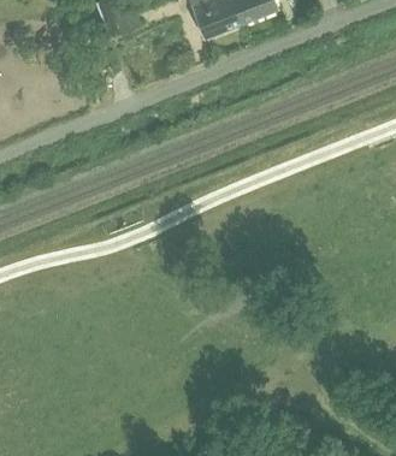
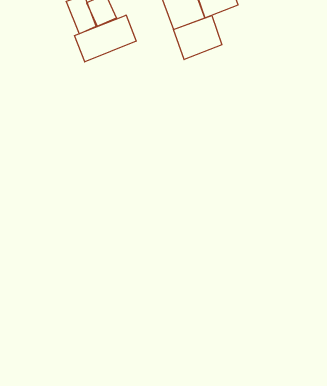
building: none -> [75,15,136,62]
building: none -> [174,15,222,60]

